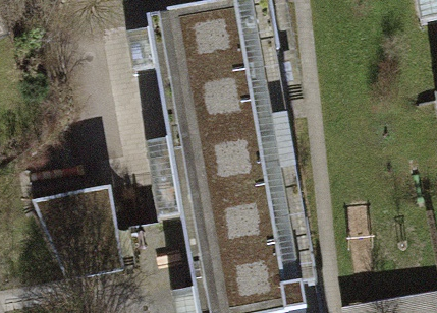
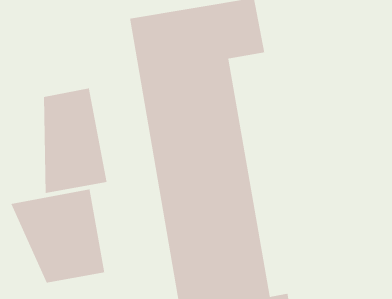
building: none -> [43,87,107,194]

